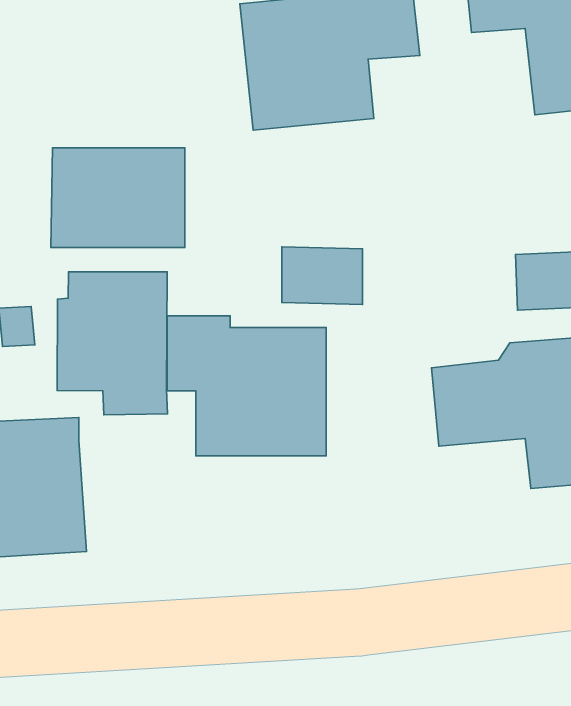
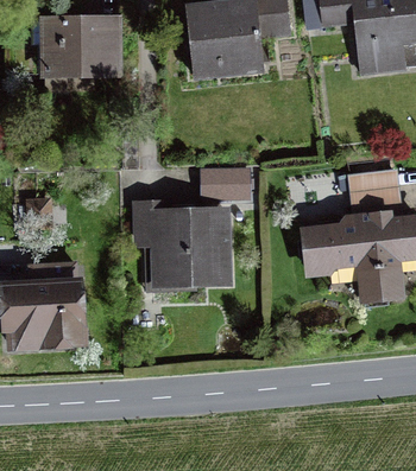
building: [51,148,185,248] -> [38,18,121,79]
building: [57,272,168,415] -> none

